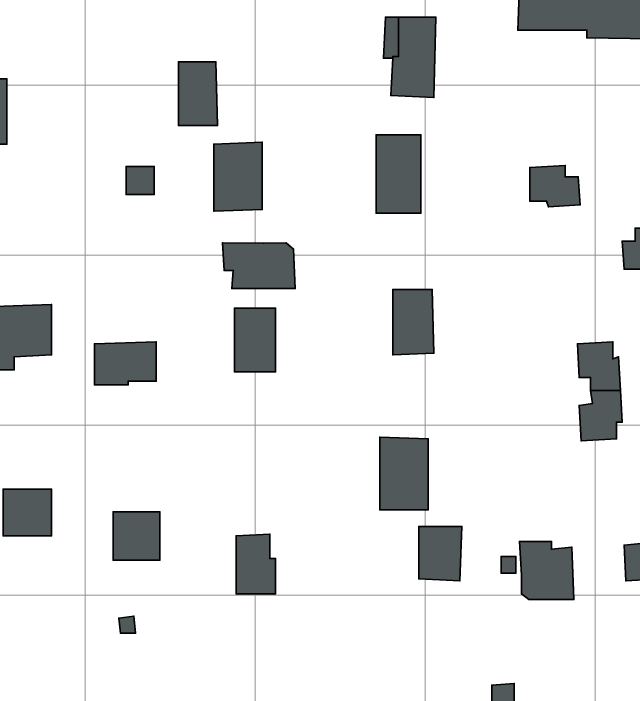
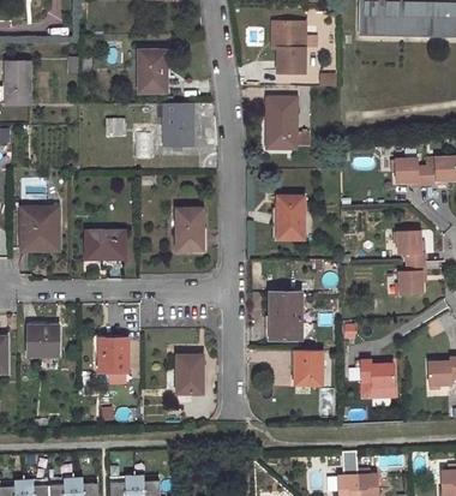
building: [530,166,580,207] -> [395,159,427,185]
building: [223,243,295,289] -> none

